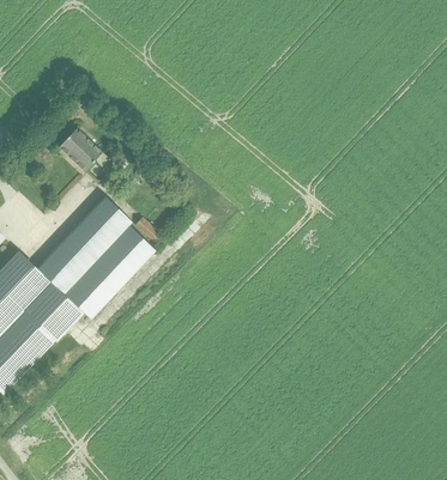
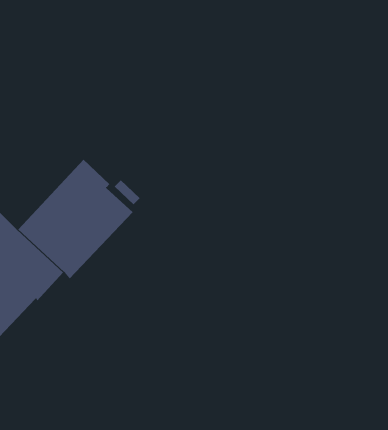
building: [59,127,109,170] -> none

